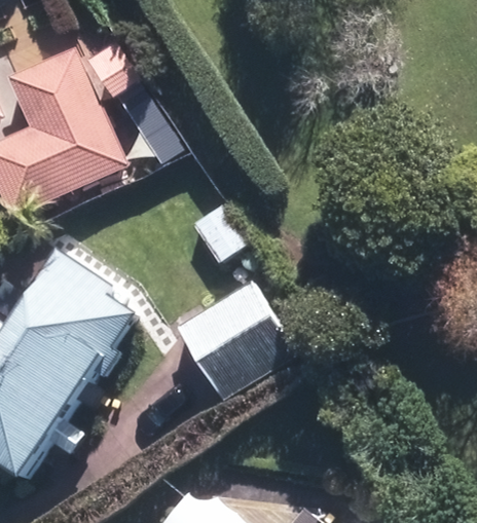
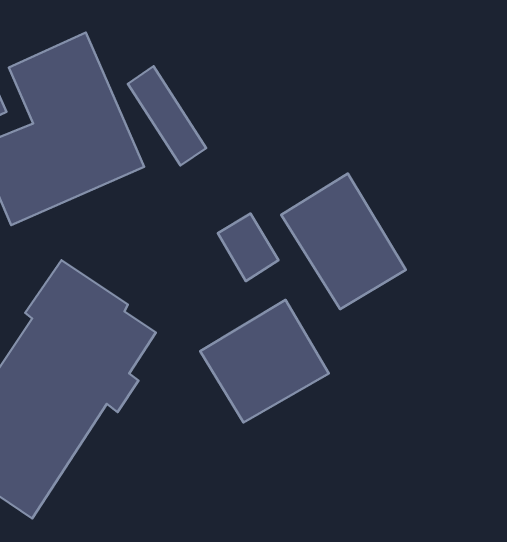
building: none -> [281,173,406,309]

